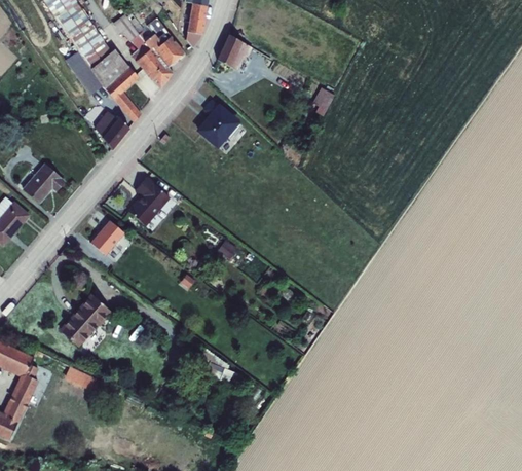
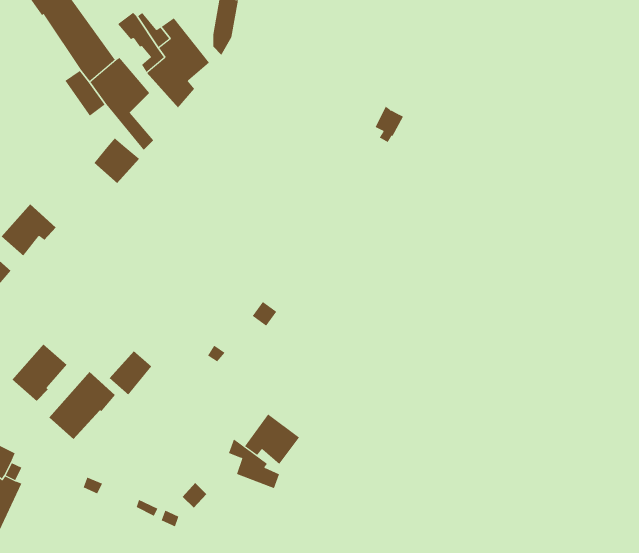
building: [216,35,252,70] -> none
building: [197,101,237,146] -> none
building: [128,177,170,225] -> none
building: [89,220,123,255] -> [109,351,152,395]
building: none -> [11,344,67,402]
building: none -> [244,413,300,465]

